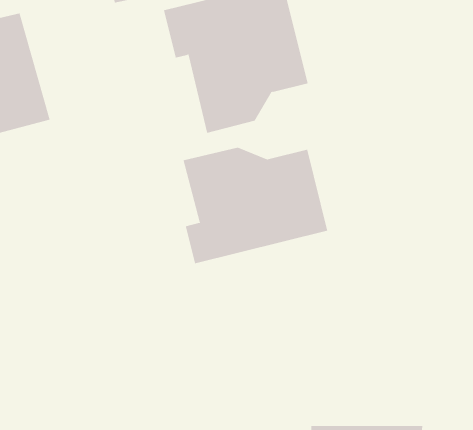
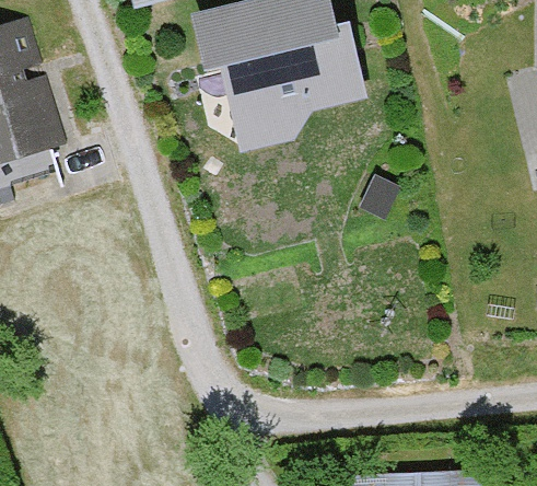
building: [183,147,328,264] -> none

